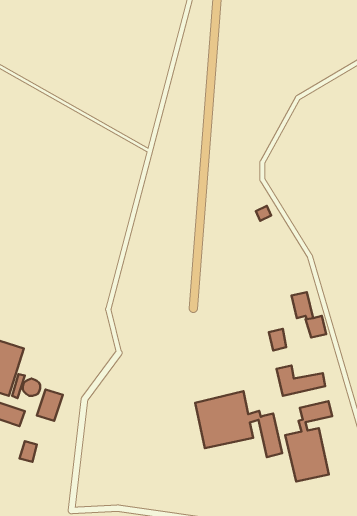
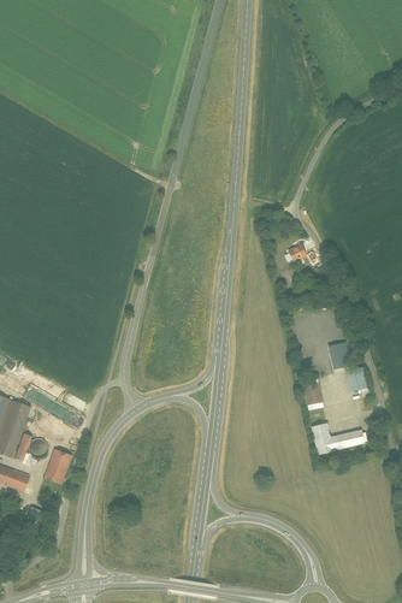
building: [195,391,282,457] -> none
building: [285,401,332,482] -> none

